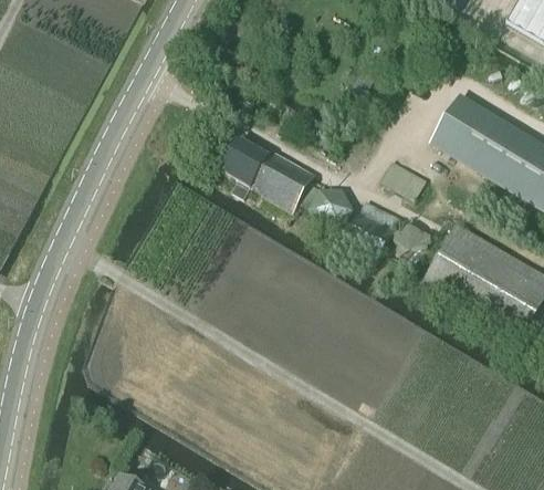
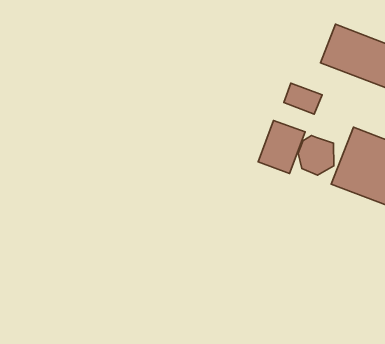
building: [219,135,354,229] -> none

